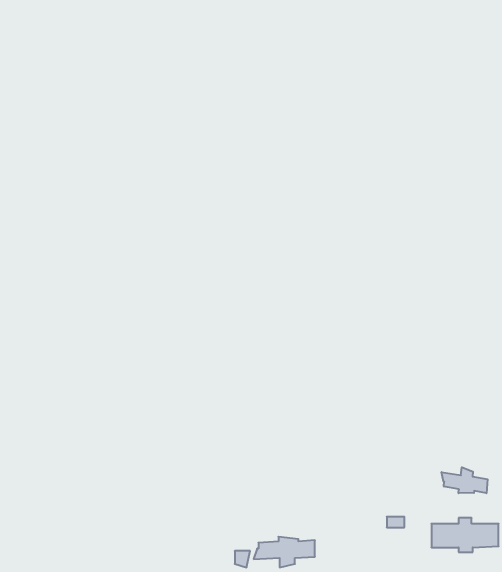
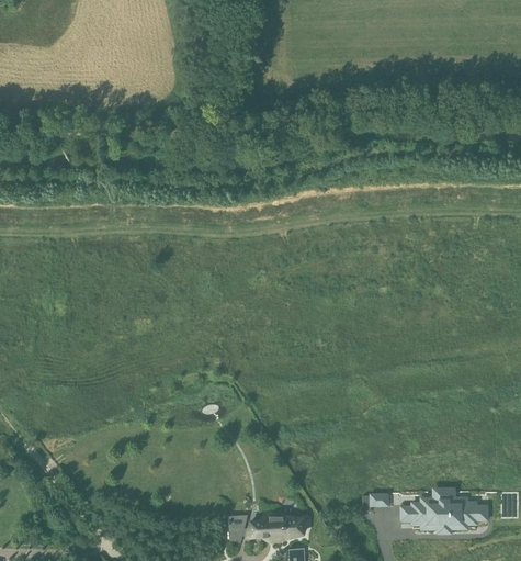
building: [442,467,488,493] -> none

